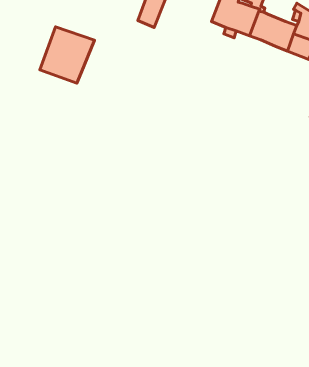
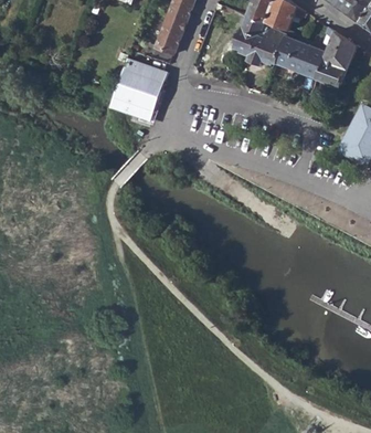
building: [40,27,94,83] -> [108,57,167,118]

